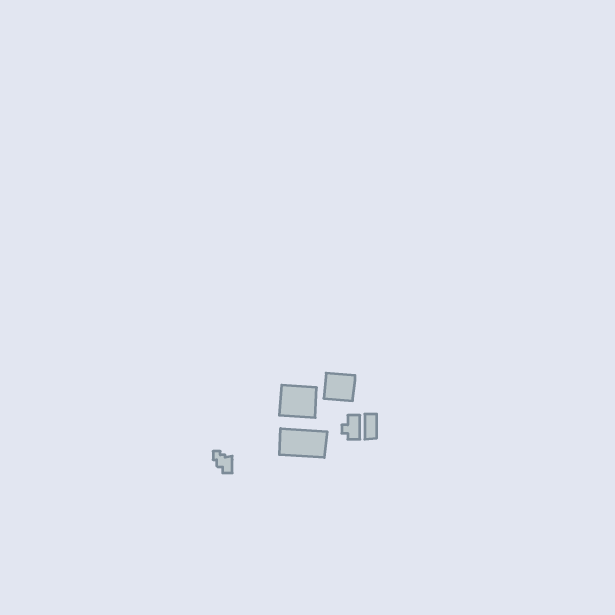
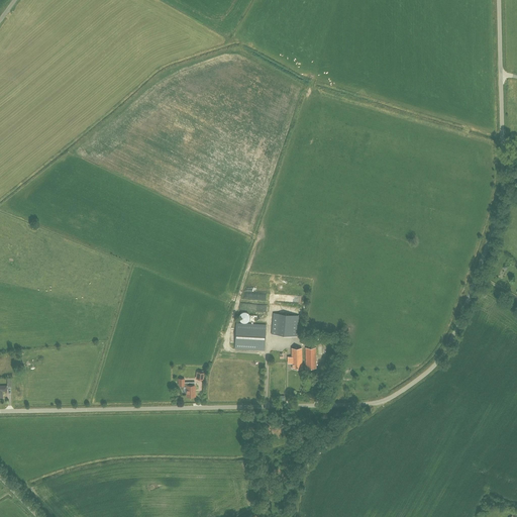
building: [279,428,327,458] -> none

